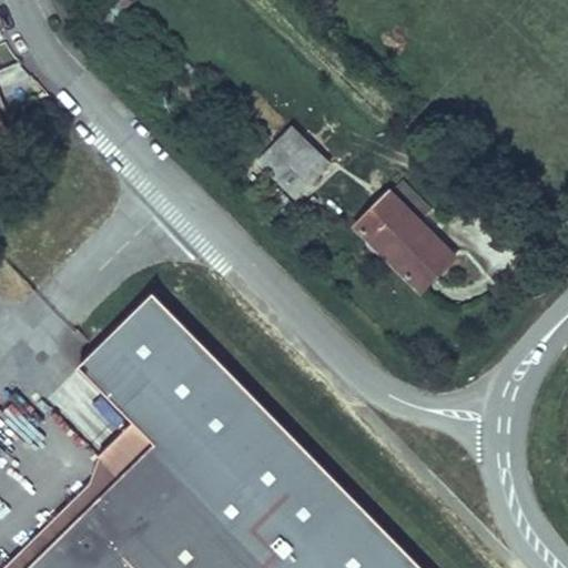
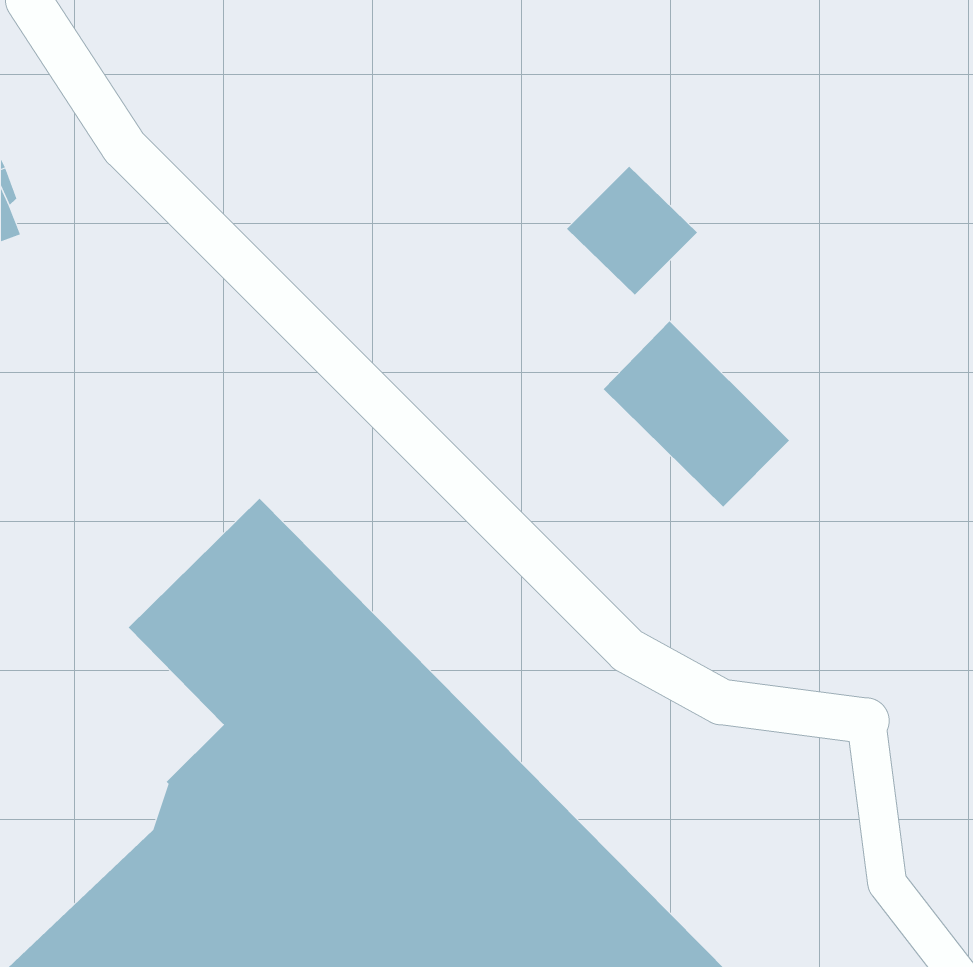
building: [256,129,333,204] -> [566,166,698,295]

